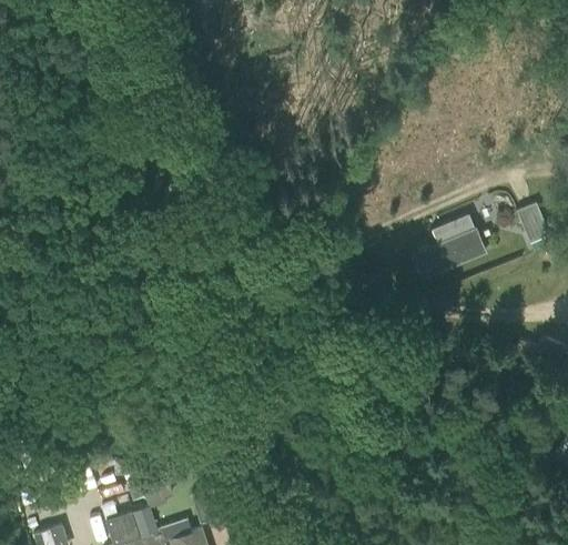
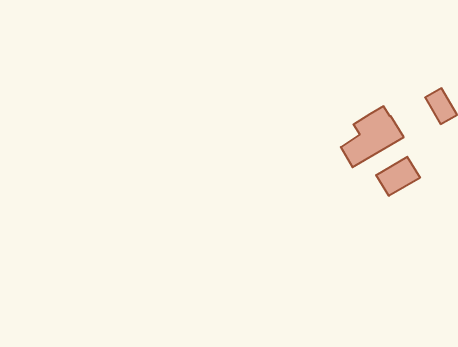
building: none -> [376,157,420,196]

